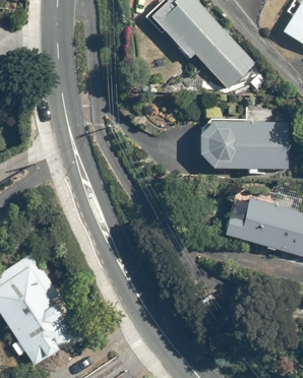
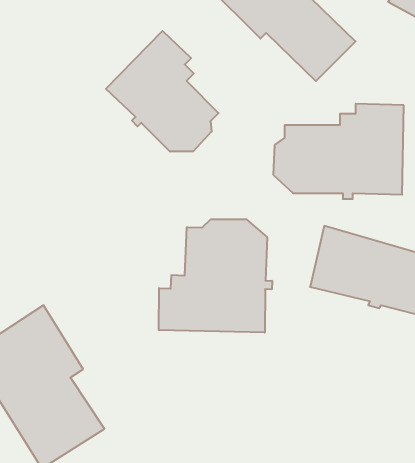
building: none -> [106,31,219,152]
building: none -> [159,219,272,333]

